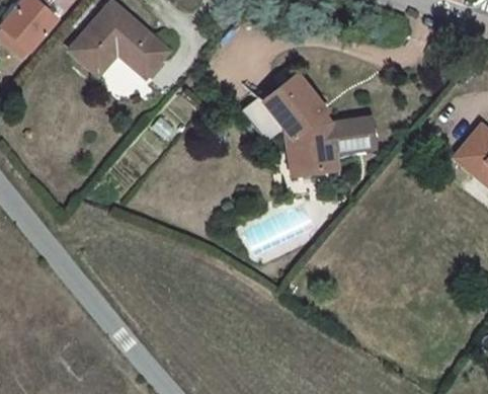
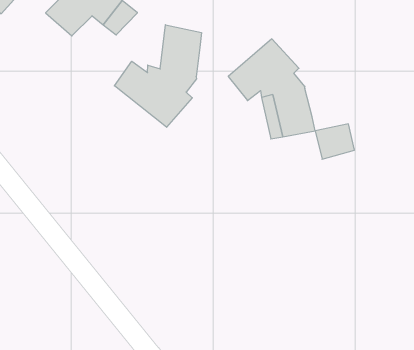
building: none -> [114,25,201,127]
building: [331,114,371,150] -> [315,124,354,159]

